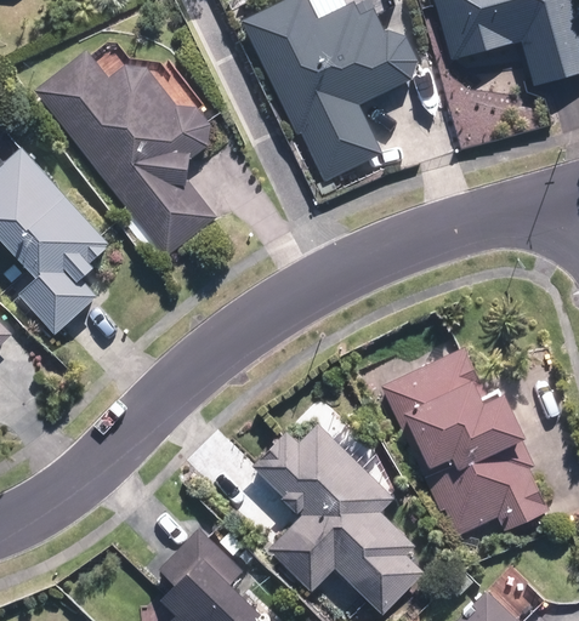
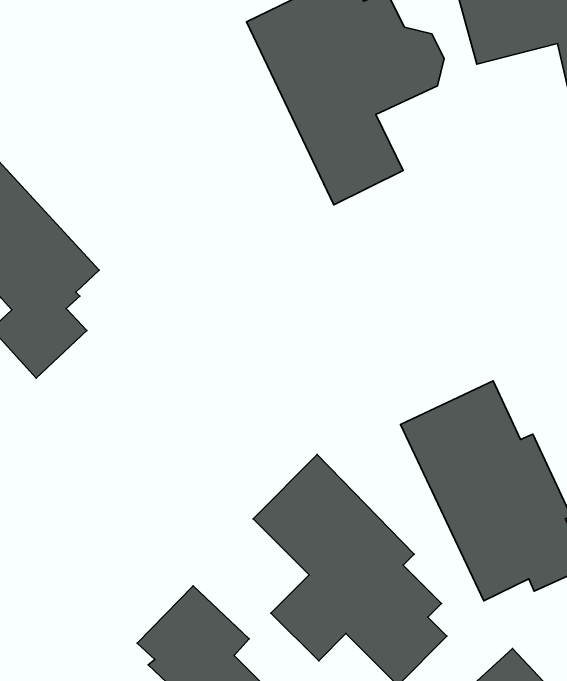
building: [34,51,218,257] -> none

